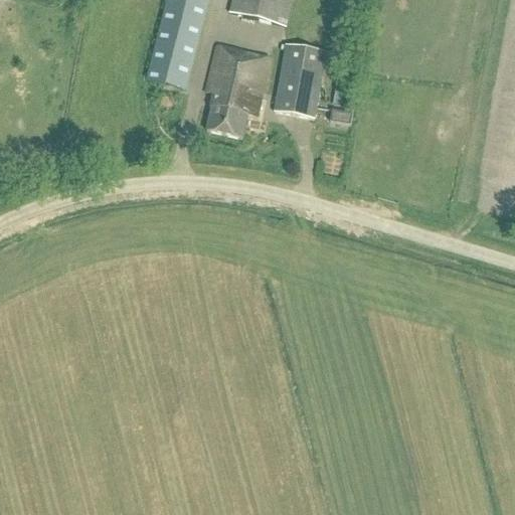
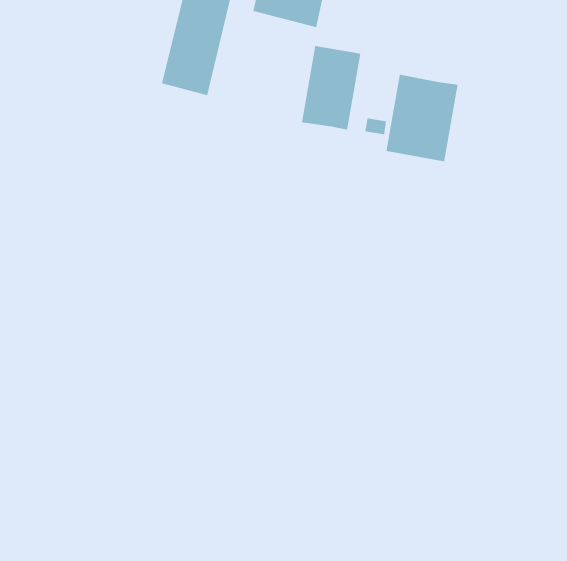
building: [205,42,270,138] -> none
building: none -> [386,74,458,162]

